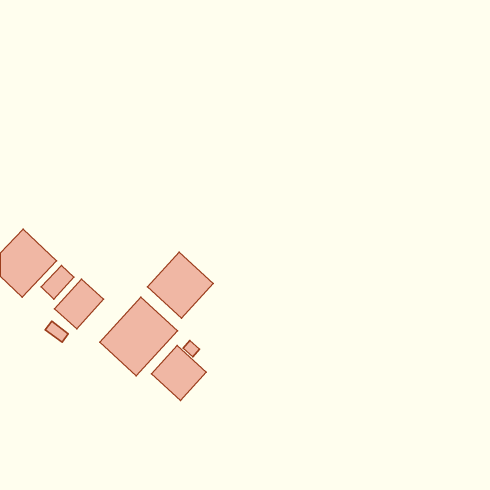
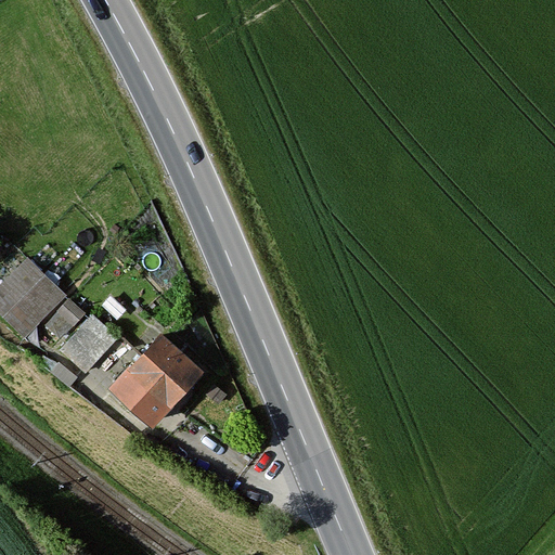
building: [147,252,213,318] -> none
building: [151,346,206,401] -> none

